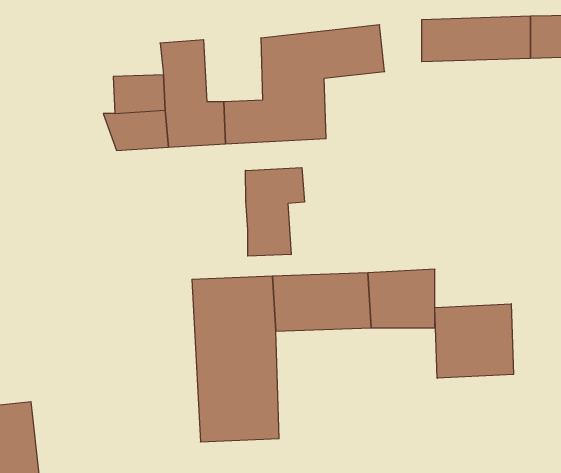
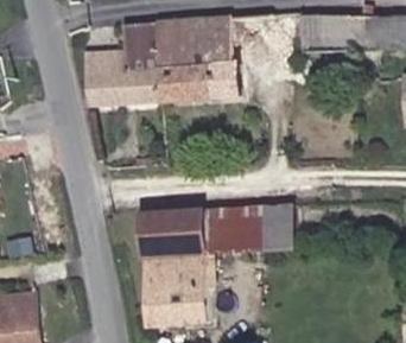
building: none -> [148,28,190,74]
building: [245,168,304,256] -> none
building: [435,304,514,378] -> none

